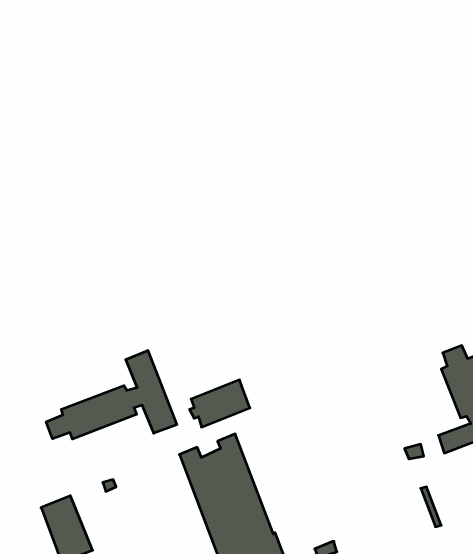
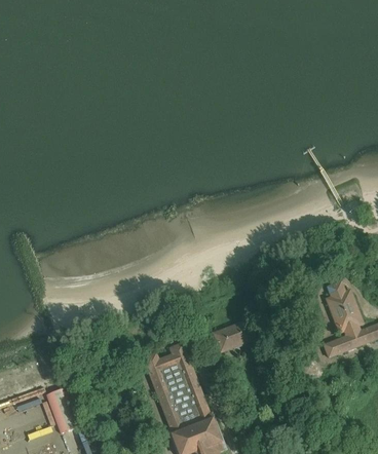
building: [46,350,177,439] -> none
building: [190,380,250,427] -> [212,319,254,352]

